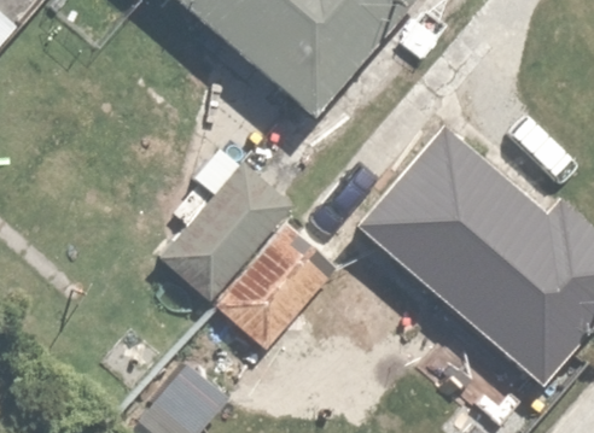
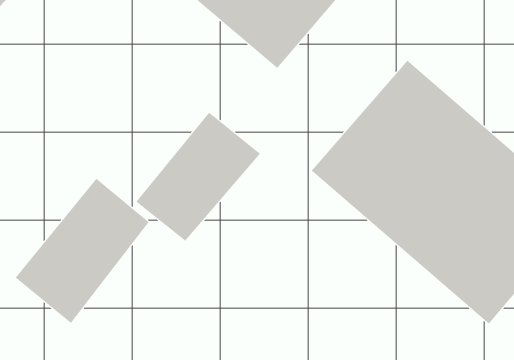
building: [212,206,348,347] -> none
building: none -> [15,178,149,324]

